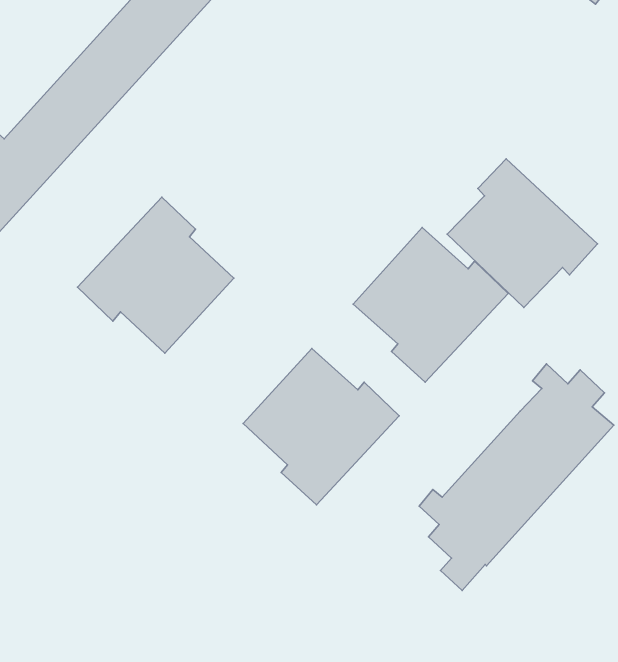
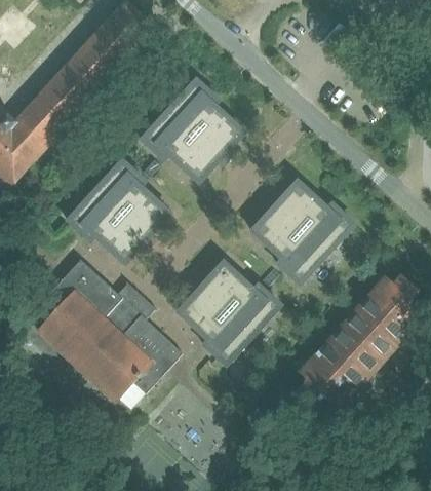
building: none -> [140,77,243,182]
building: [447,159,597,307] -> none
building: none -> [37,257,182,406]

